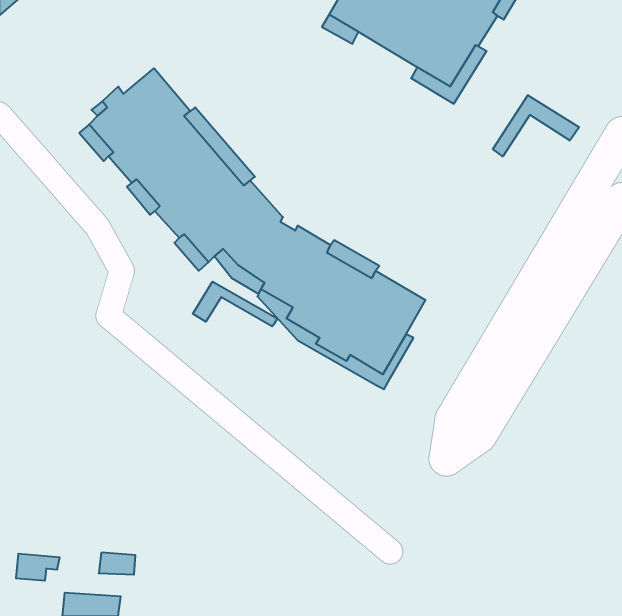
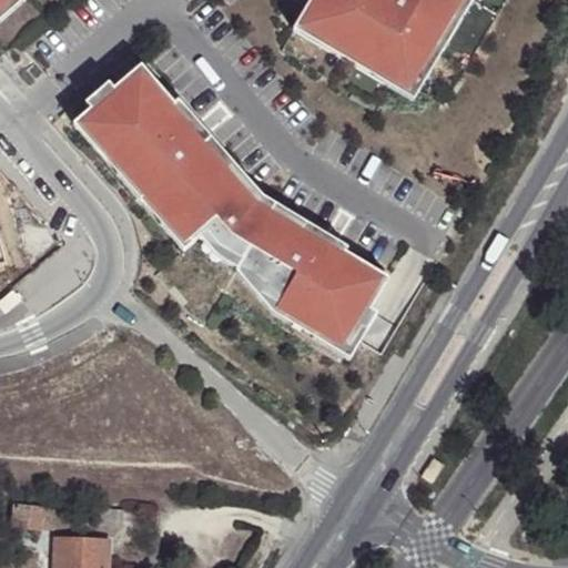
building: [493,95,579,156] -> none
building: [193,282,278,326] -> none

